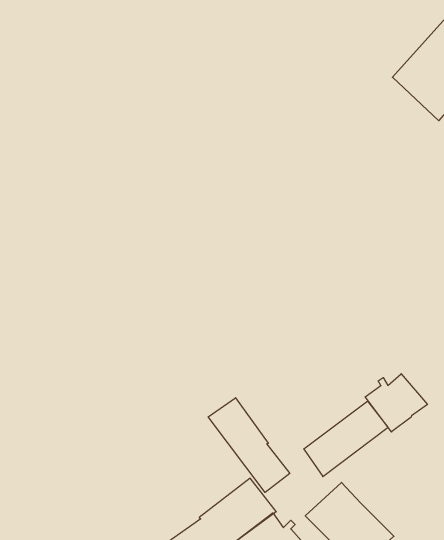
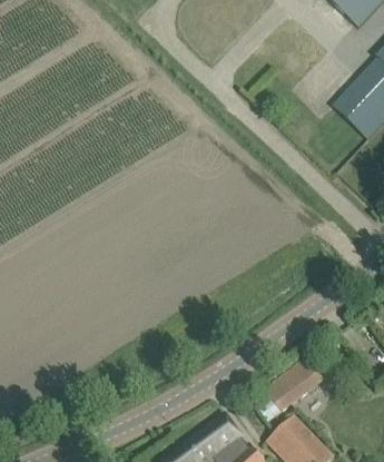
building: [365,374,427,432] -> none
building: [208,398,290,492] -> none

